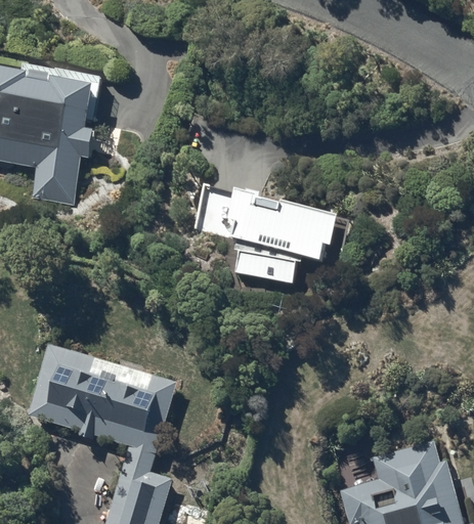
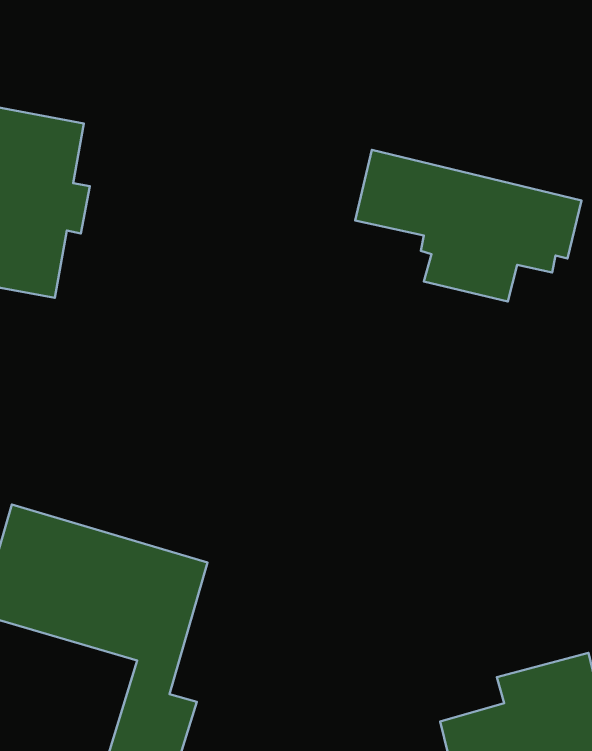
building: [191,182,343,283] -> [355,150,581,301]

